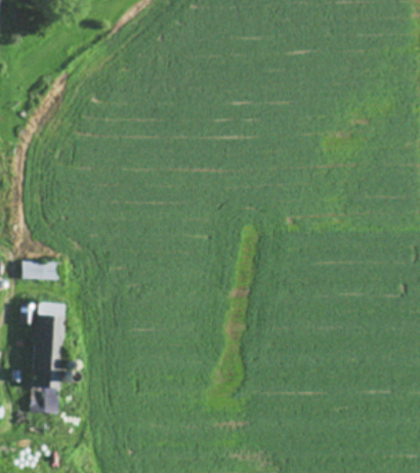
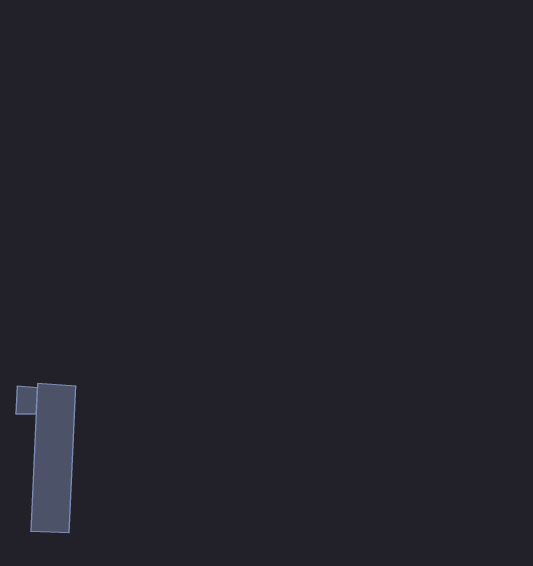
building: [23,262,66,280] -> none

